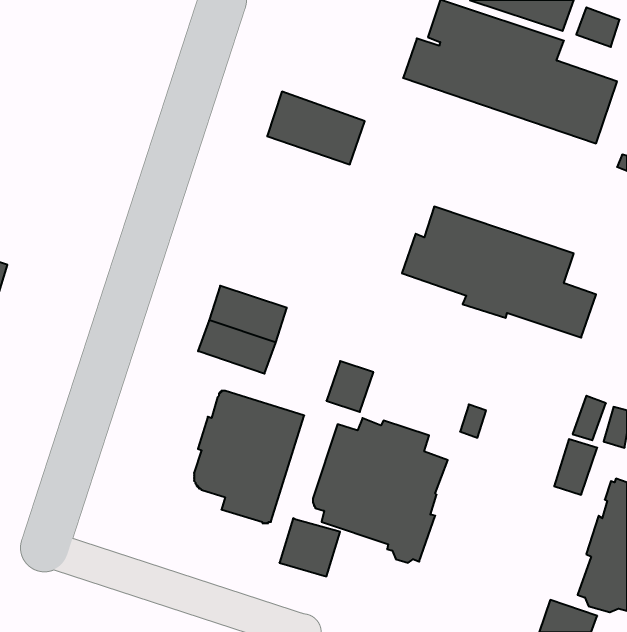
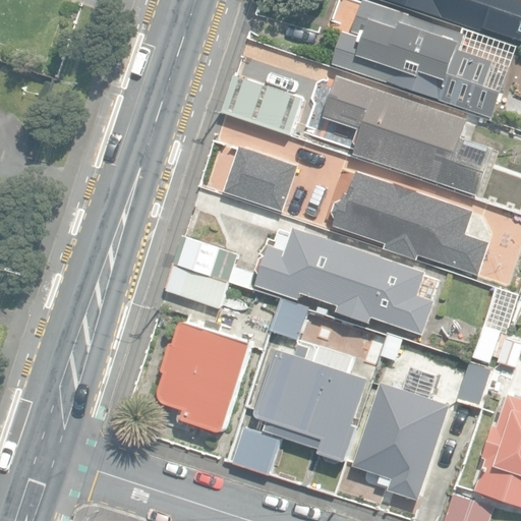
building: none -> [323,73,493,196]
building: none -> [222,144,296,210]
building: none -> [254,226,436,334]
building: none -> [354,366,449,498]

